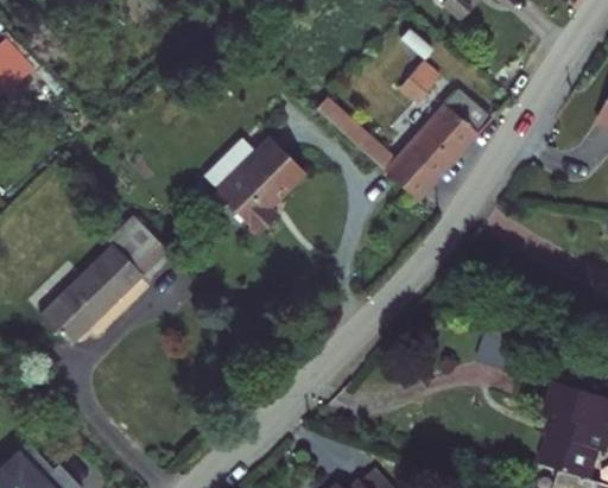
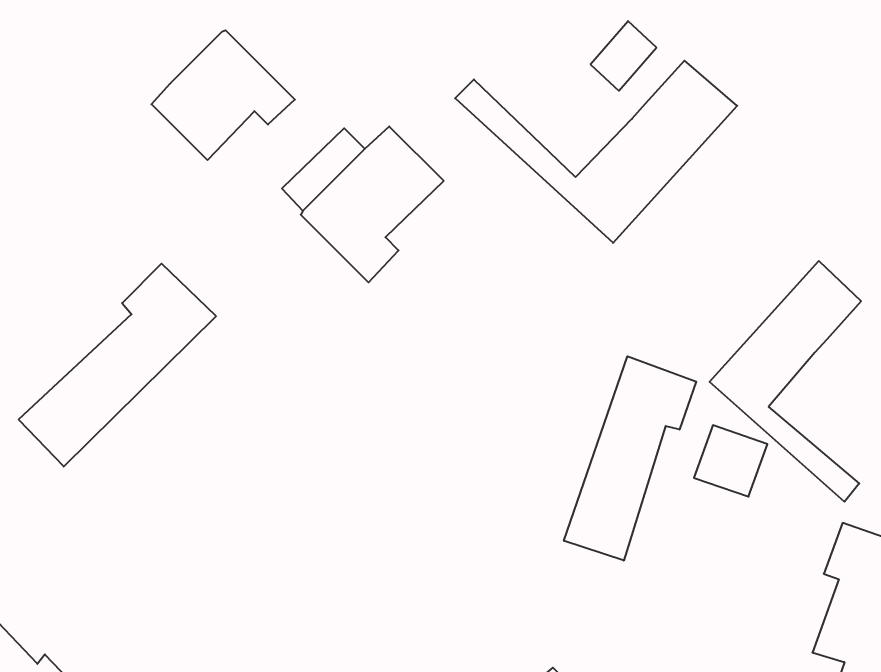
building: none -> [151,30,295,160]
building: none -> [710,261,861,502]
building: none -> [564,356,696,561]

